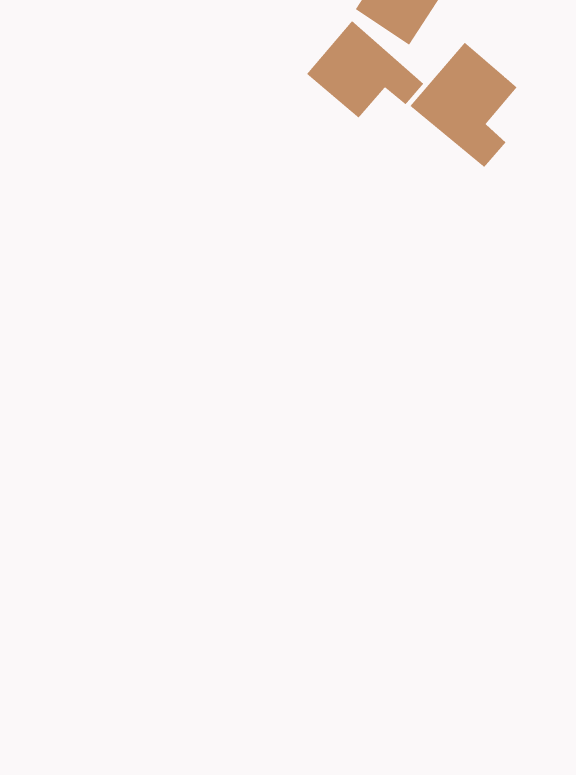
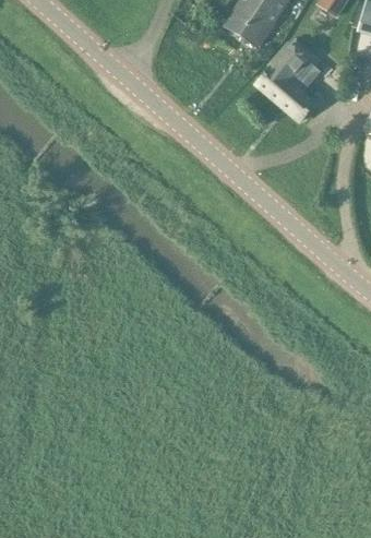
building: [306,20,424,119] -> none

